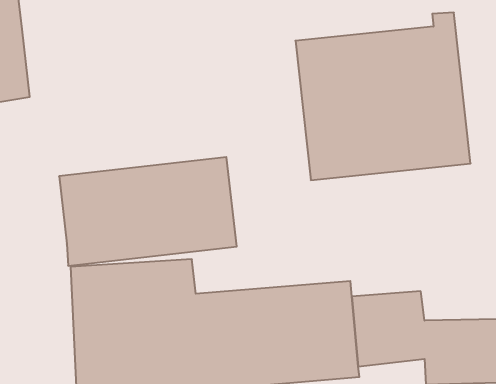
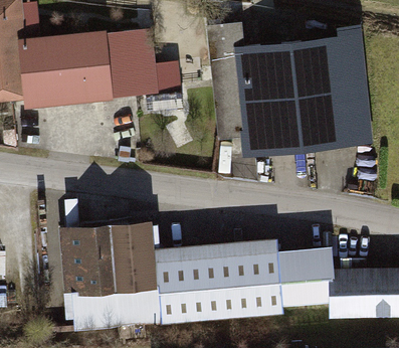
building: [59,157,237,266] -> [22,25,162,111]

